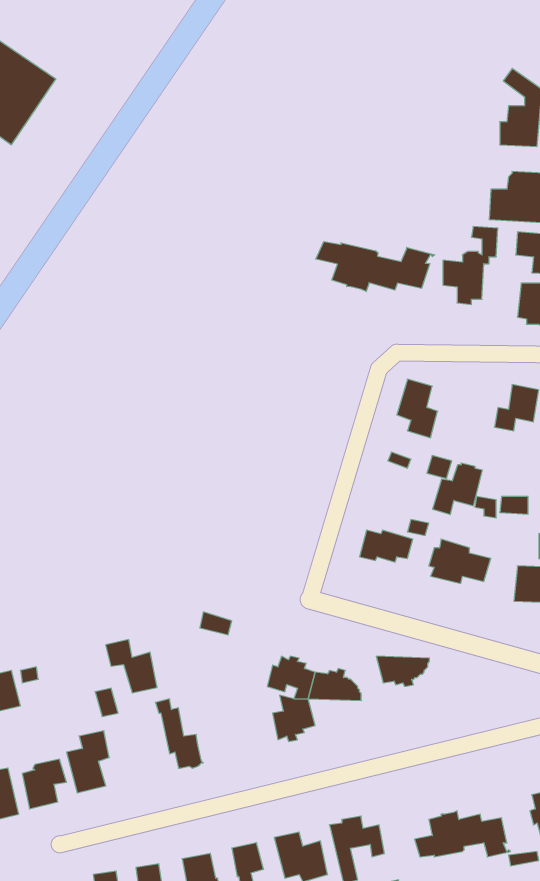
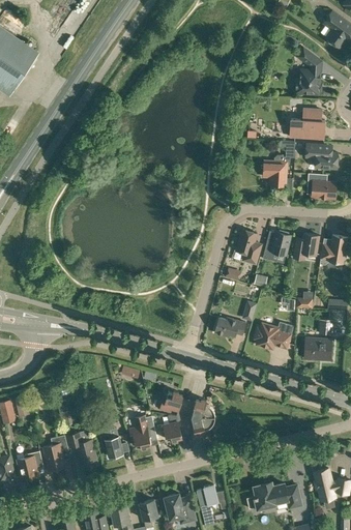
building: [316,242,435,292] -> none
building: [433,463,482,515] -> [263,231,292,261]
building: [106,640,157,693] -> [66,432,96,463]
building: [376,656,429,686] -> [184,416,215,434]
building: none -> [129,414,157,448]

